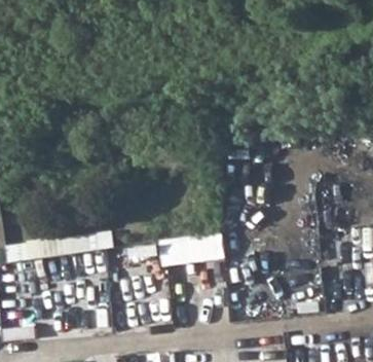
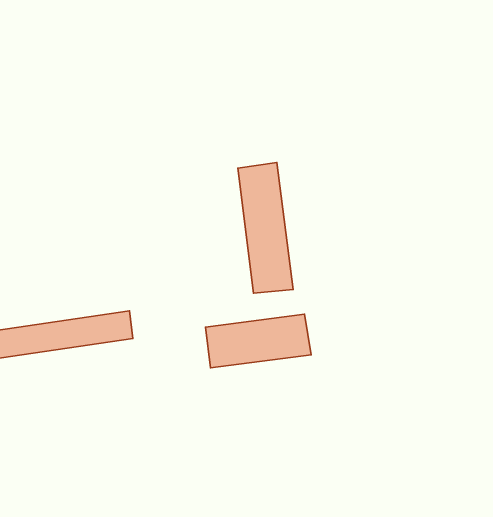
building: none -> [238,163,293,293]

